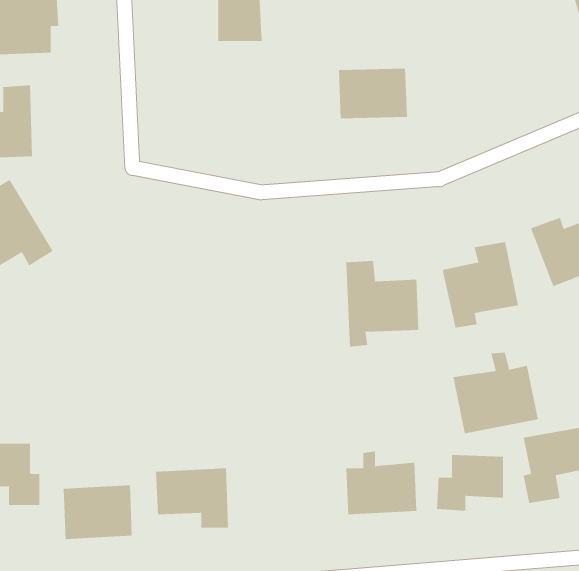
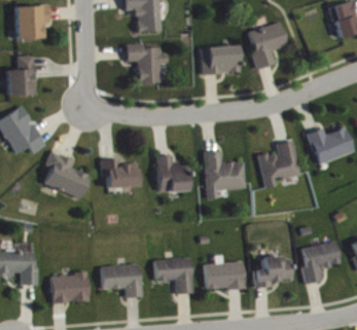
building: none -> [248,24,286,69]
building: none -> [126,43,167,83]
building: none -> [44,151,90,198]
building: none -> [156,155,187,191]
building: none -> [101,159,138,187]
building: [453,352,539,434] -> none
building: none -> [154,258,192,294]

